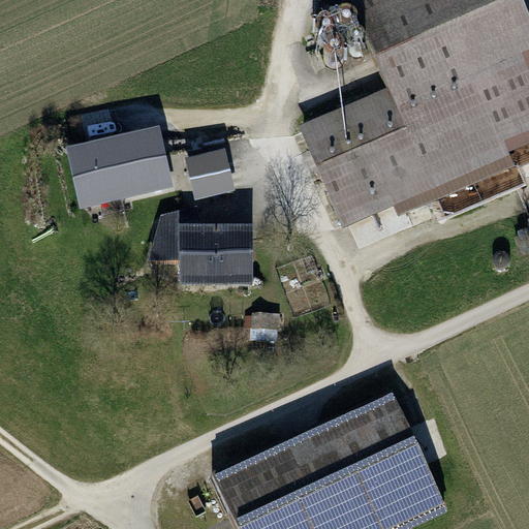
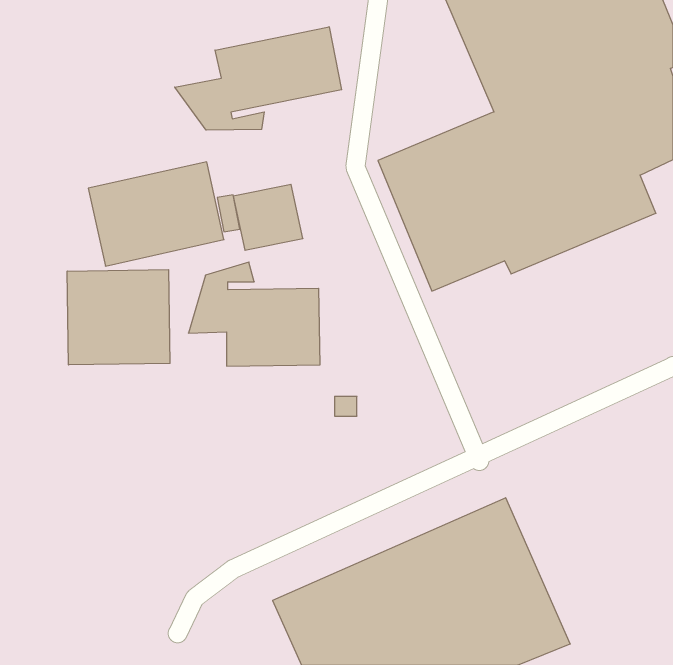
building: none -> [175,27,342,130]
building: none -> [67,270,170,365]

